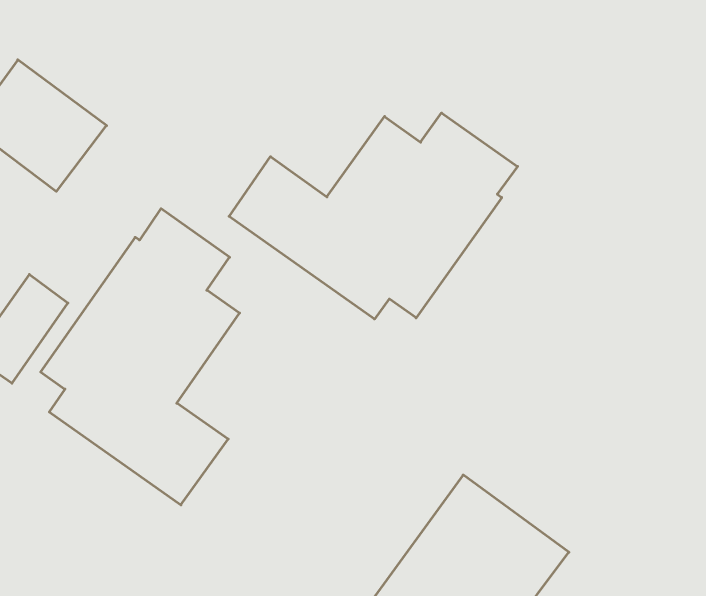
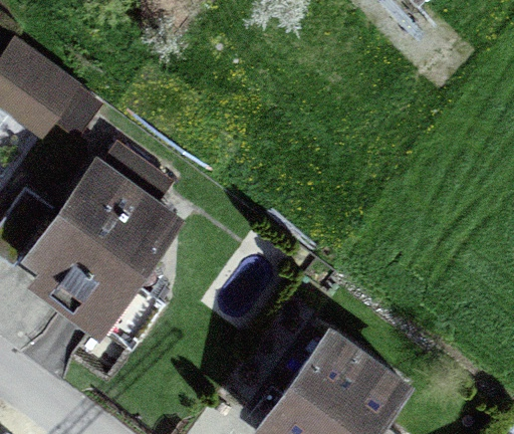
building: [229,113,518,319] -> none

